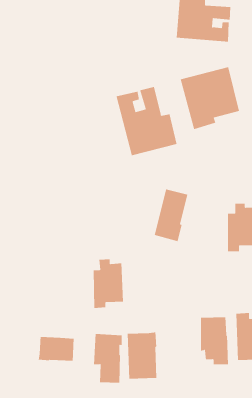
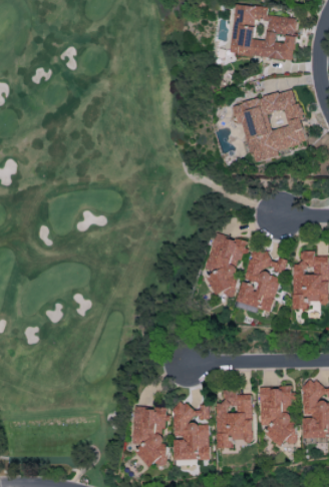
building: [116,86,177,156] -> none
building: none -> [237,249,284,311]
building: [93,259,124,308] -> [216,389,253,448]
building: [38,336,74,362] -> none

